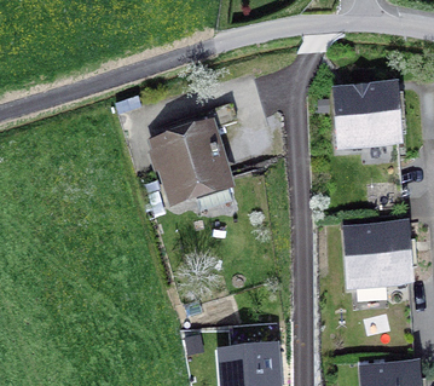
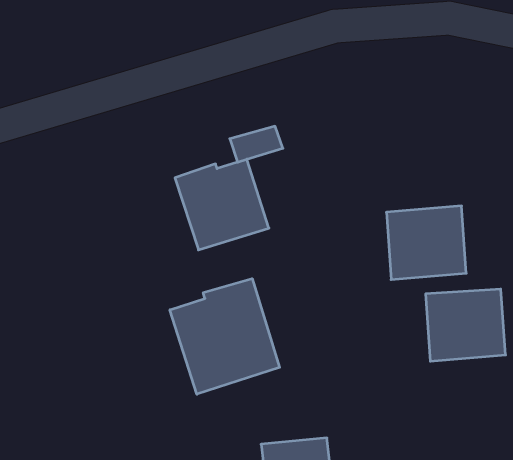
building: [336,88,398,145] -> [386,206,466,280]
building: none -> [170,279,280,394]

